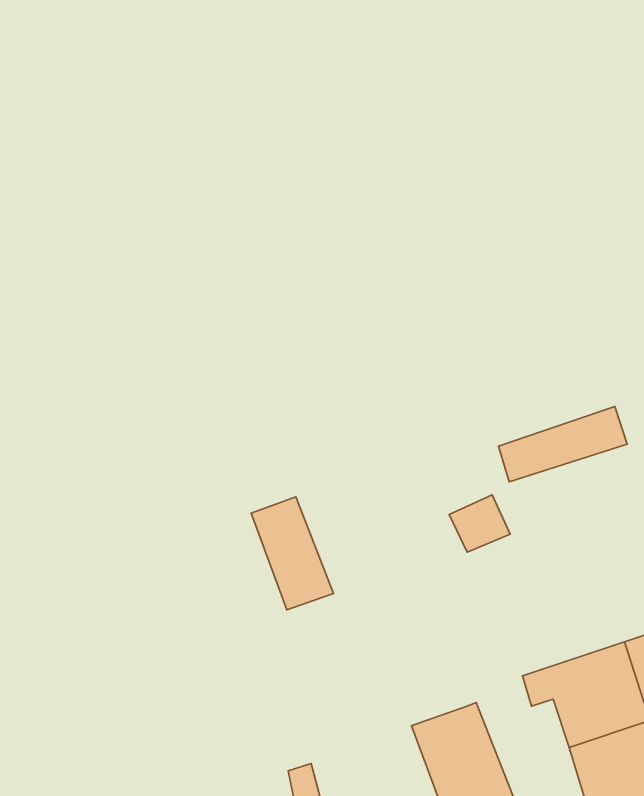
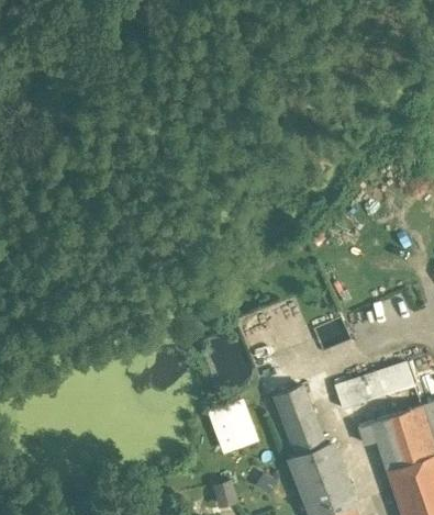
building: [498,407,627,482] -> [335,363,414,410]
building: [251,497,334,610] -> [274,387,324,456]
building: none -> [214,404,255,451]

